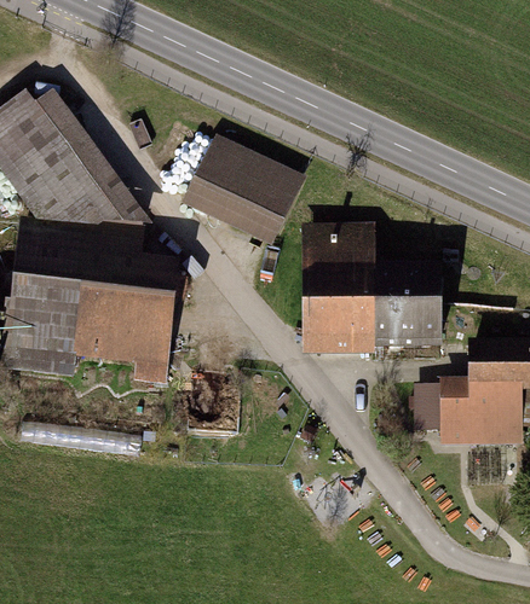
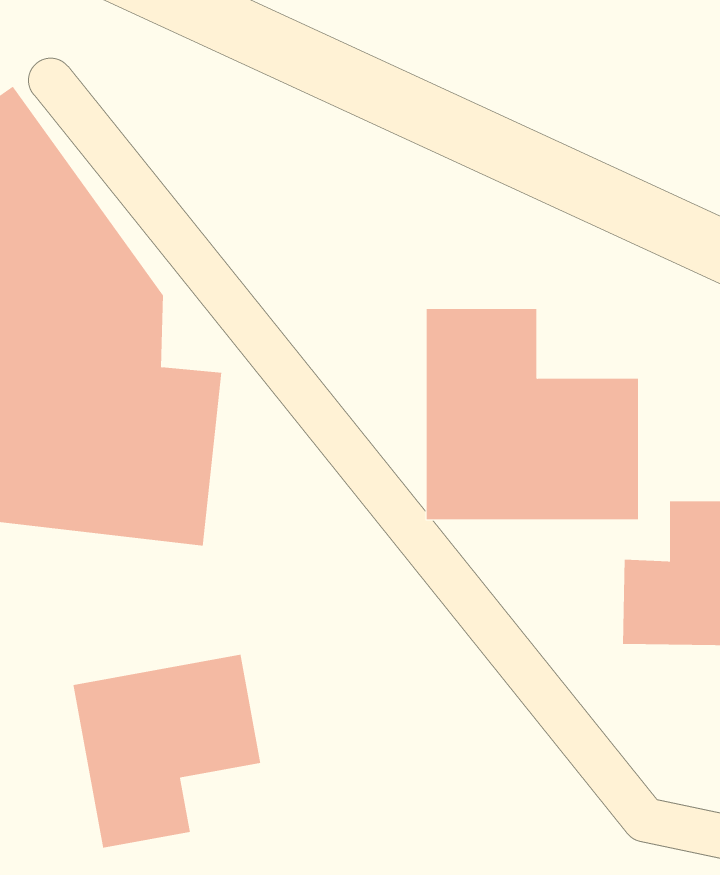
building: [186,135,303,242] -> none
building: none -> [73,654,261,848]

